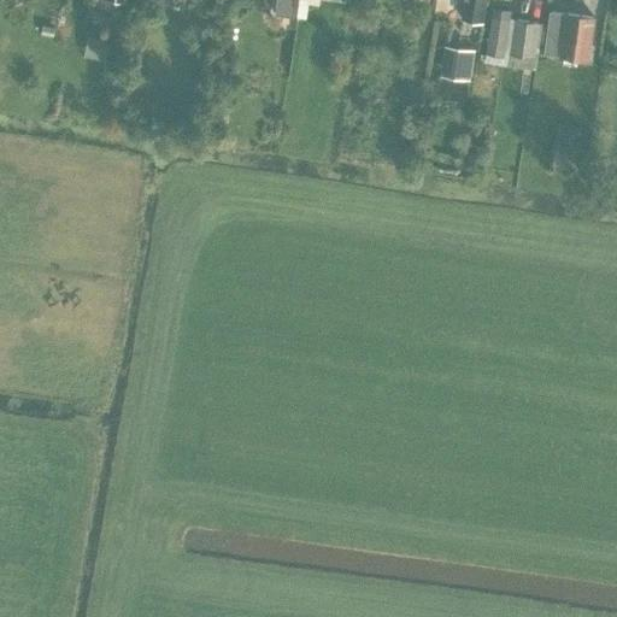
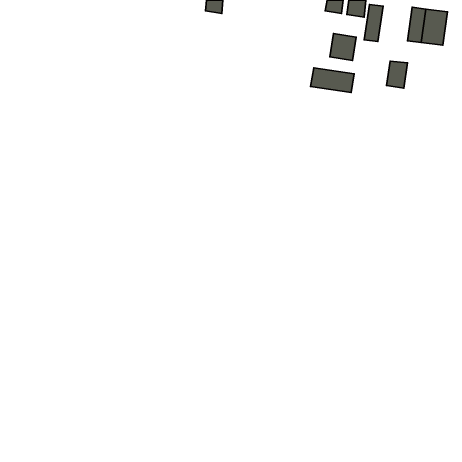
building: [510,20,537,57] -> [387,61,407,88]
building: none -> [311,68,354,93]

